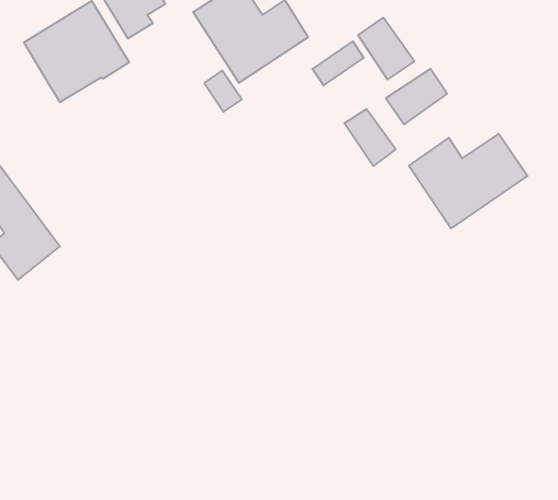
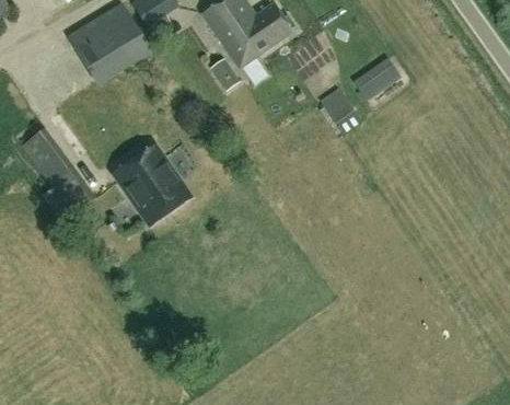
building: [358,18,414,80] -> none
building: [409,134,528,228] -> none
building: none -> [113,143,190,225]

